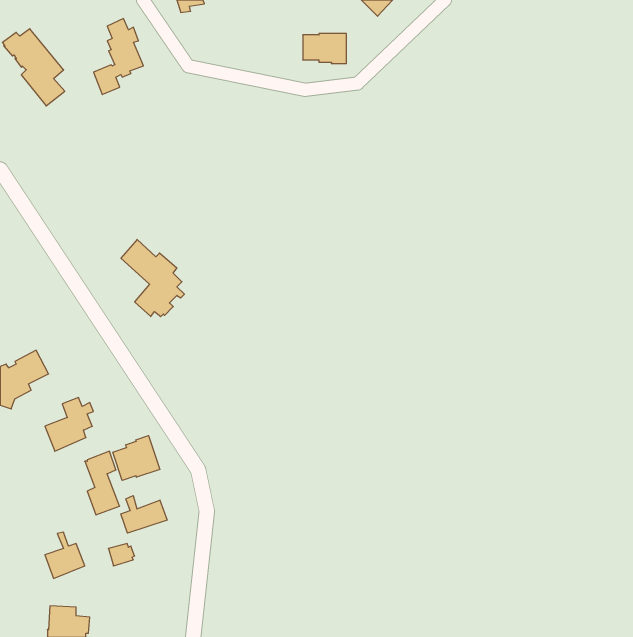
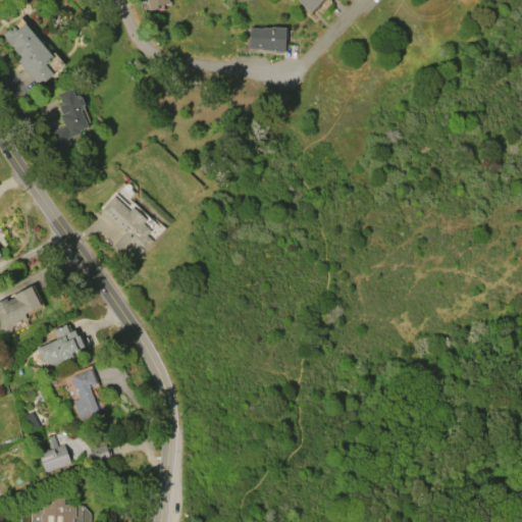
building: [94,19,143,95] -> [49,89,90,151]
building: [113,436,160,480] -> none
building: [121,496,167,533] -> none

